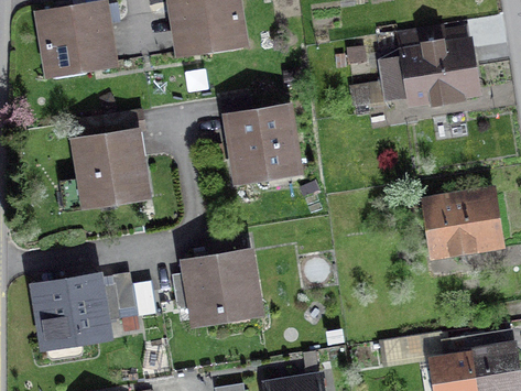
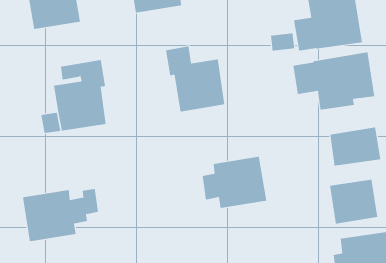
building: none -> [293,51,375,110]
building: [175,254,259,322] -> [202,156,267,209]
building: none -> [329,179,378,224]

